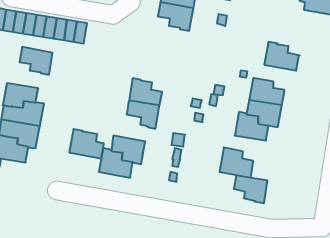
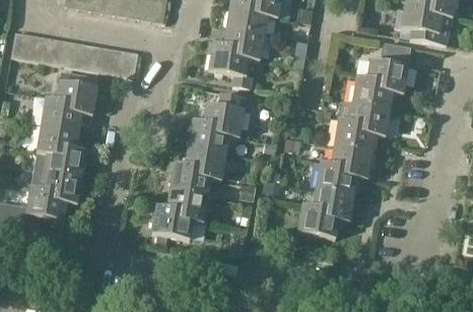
building: none -> [366,42,411,93]
building: none -> [209,44,252,89]
building: none -> [203,93,251,138]
building: none -> [42,98,92,131]
building: none -> [338,103,390,136]
building: [69,129,104,159] -> [170,160,211,195]
building: [234,175,267,203] -> [313,188,353,222]

